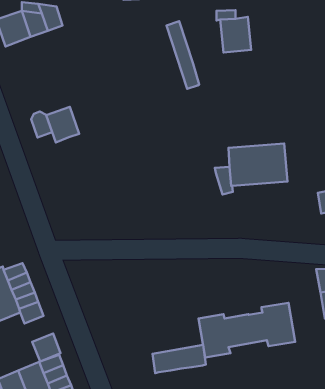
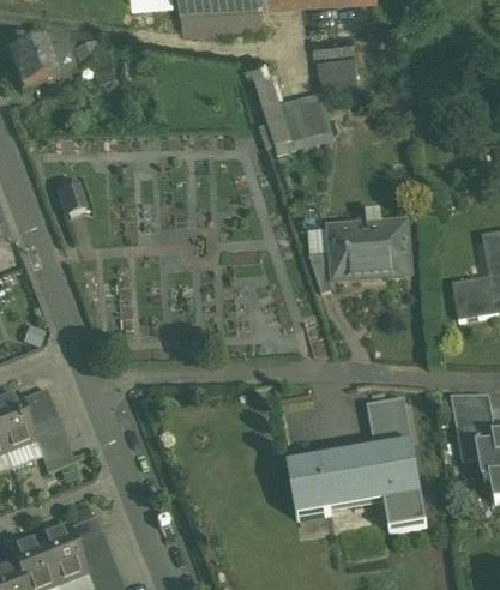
building: none -> [281,100,335,150]
building: [46,107,79,142] -> none
building: none -> [367,396,412,450]
building: [32,334,60,361] -> none
building: none -> [385,495,427,530]
building: [152,345,206,373] -> none

